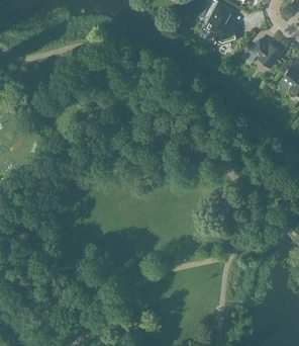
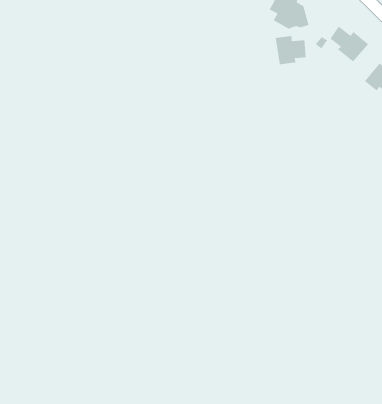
building: none -> [275,35,307,65]

